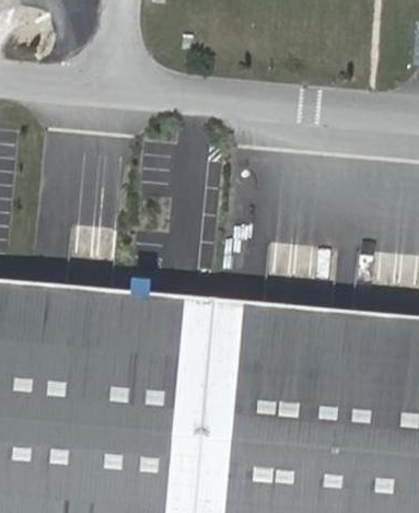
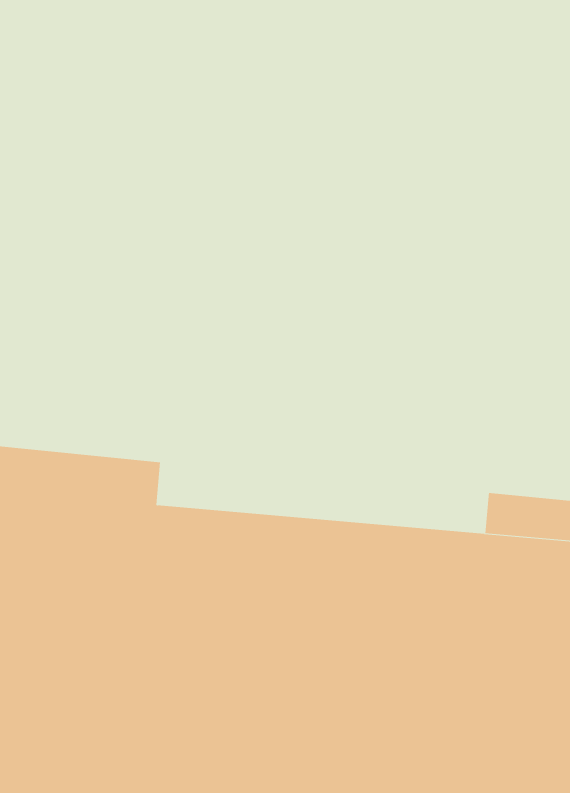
building: [138,298,341,341] -> none

